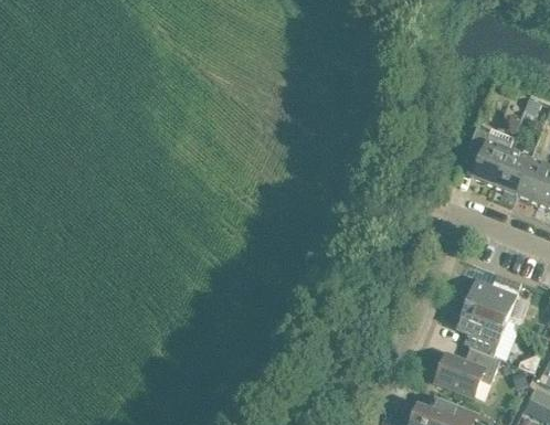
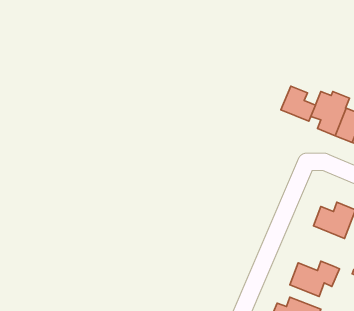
building: none -> [281,86,315,121]
building: [456,305,507,358] -> none

